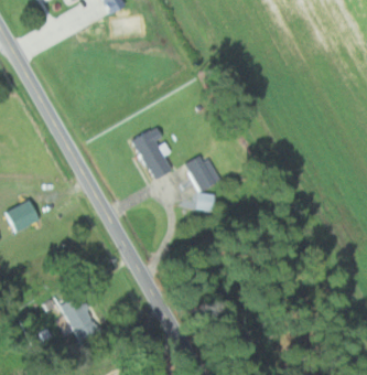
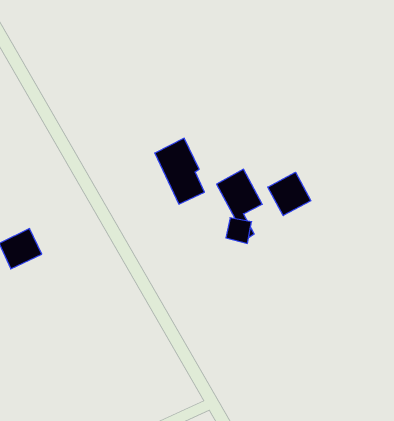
building: none -> [268,172,311,216]
building: [52,297,93,339] -> none

